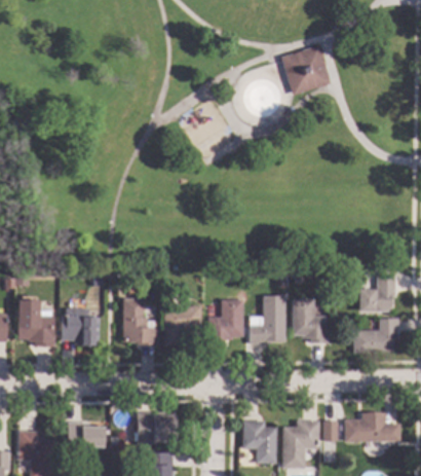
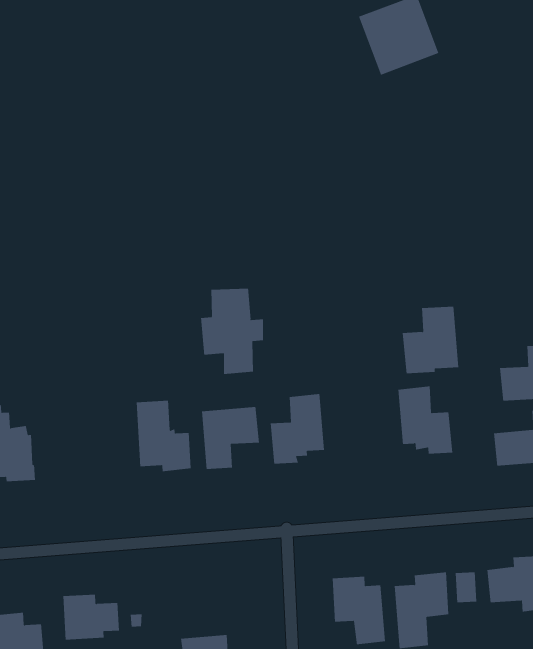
building: none -> [201,288,264,375]
building: [250,301,285,343] -> [402,306,459,374]
building: [63,307,99,345] -> none
building: [138,411,176,442] -> none

